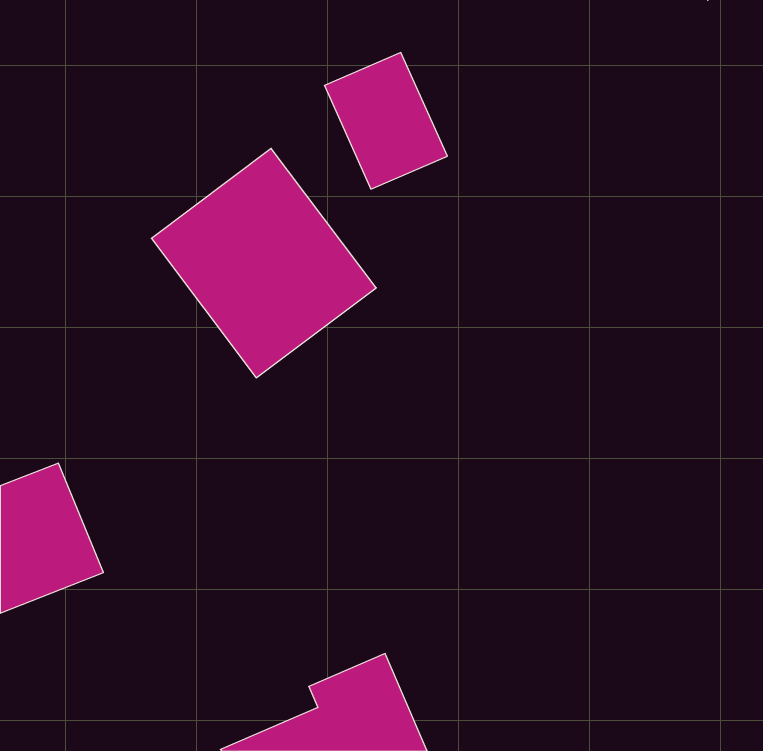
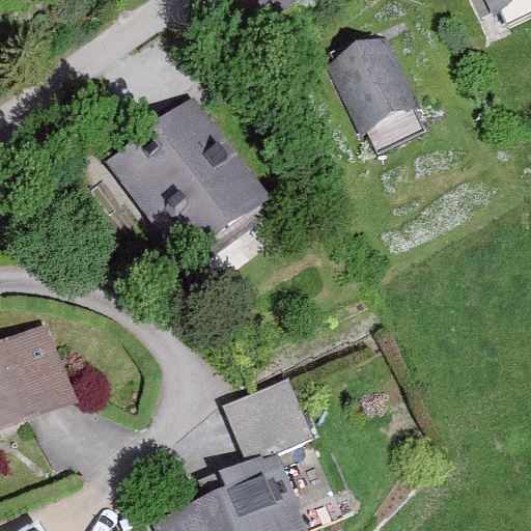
building: [324,53,447,189] -> [331,39,416,134]
building: none -> [225,380,305,454]

